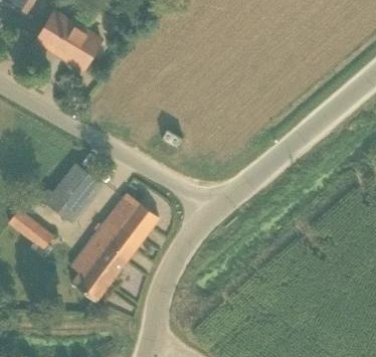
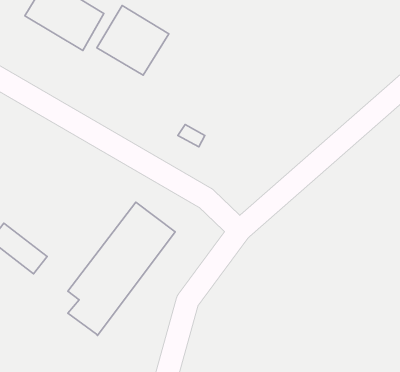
building: none -> [97,5,169,75]
building: [42,164,99,221] -> none

